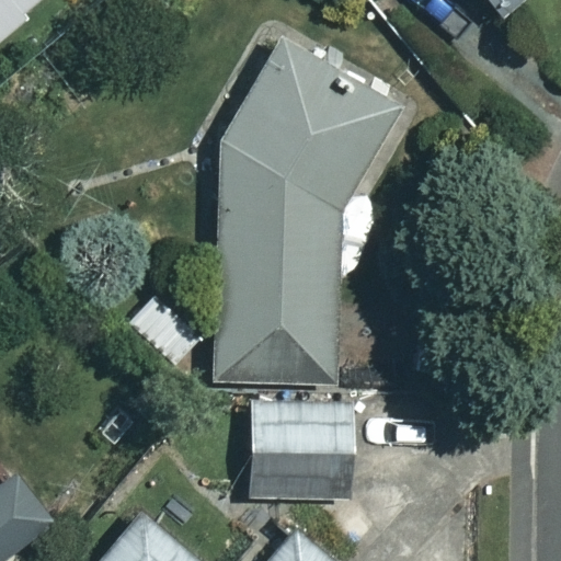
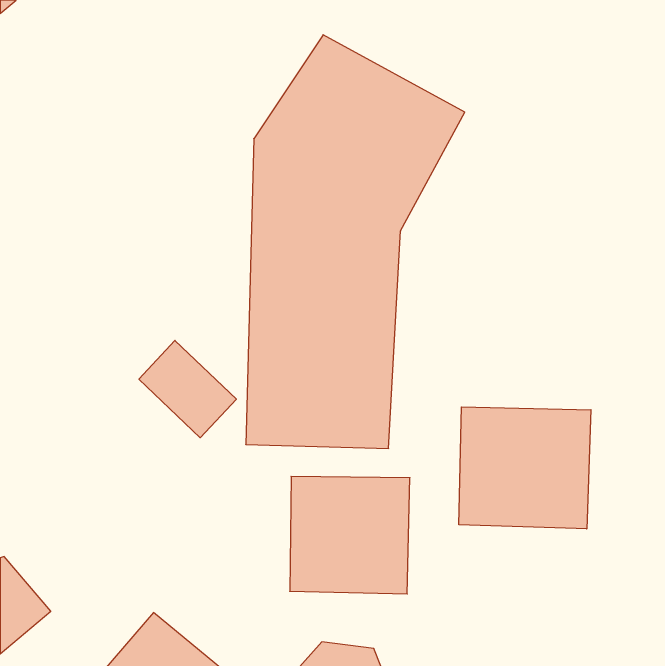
building: none -> [459,407,591,529]

